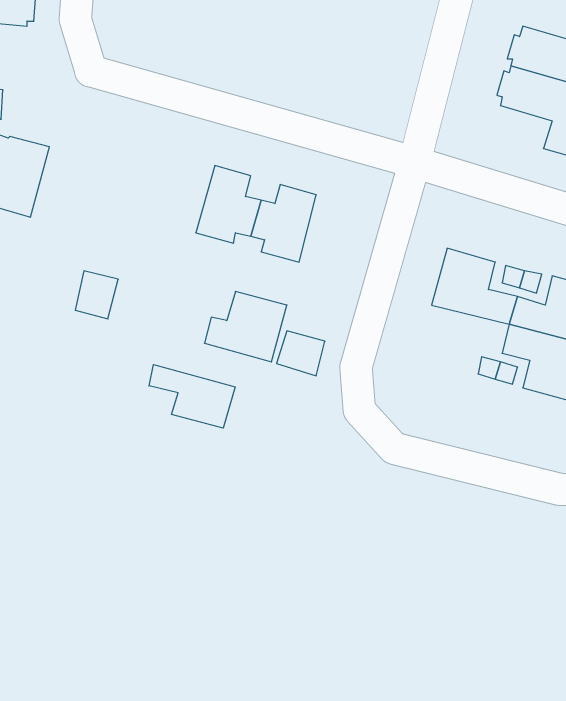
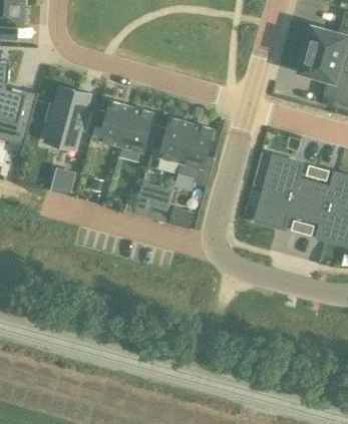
building: none -> [45,86,91,150]
building: none -> [94,100,131,145]
building: none -> [178,123,214,185]
building: none -> [249,187,303,228]
building: [149,365,235,428] -> none

